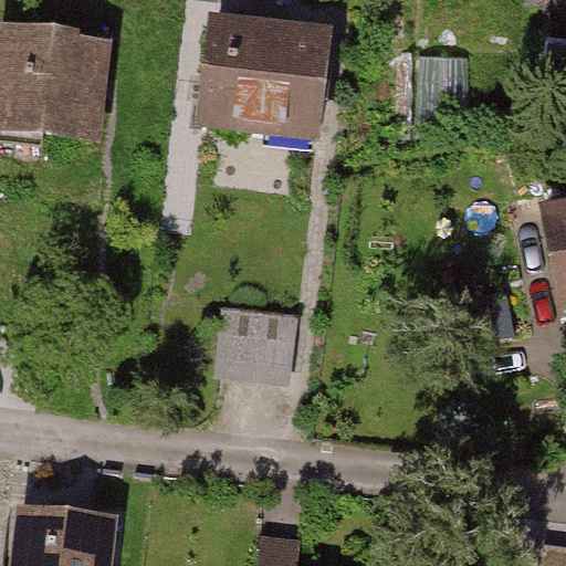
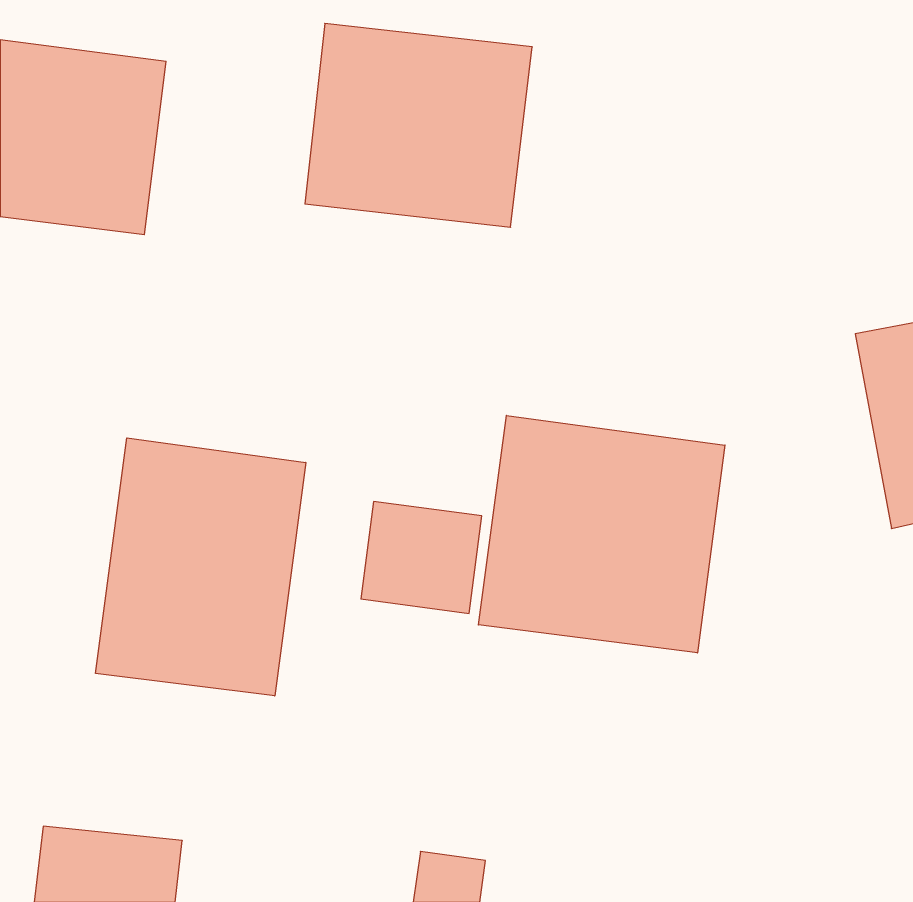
building: none -> [478,415,725,653]
building: none -> [96,438,306,696]

